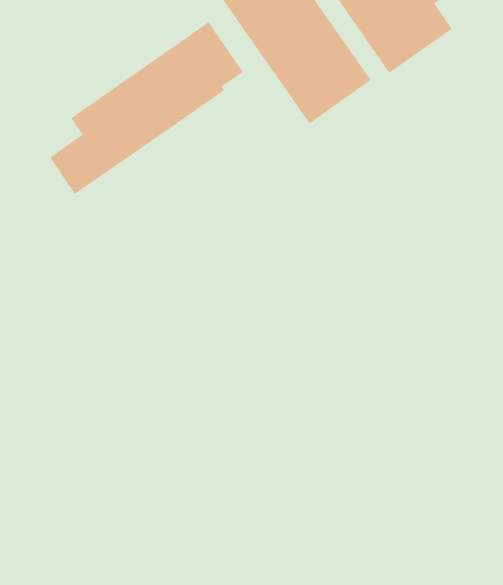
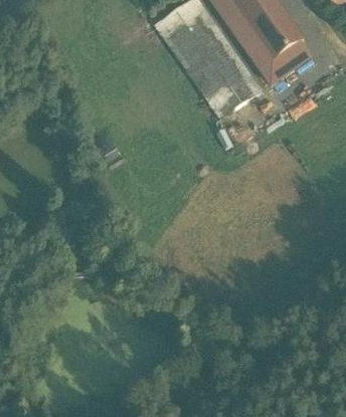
building: [50,21,243,195] -> none

